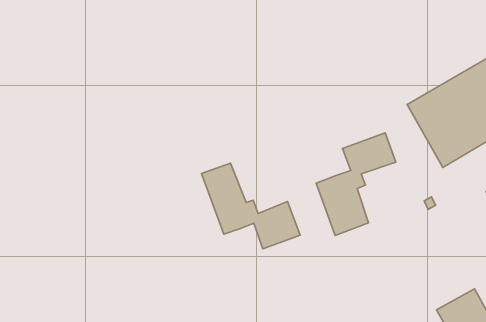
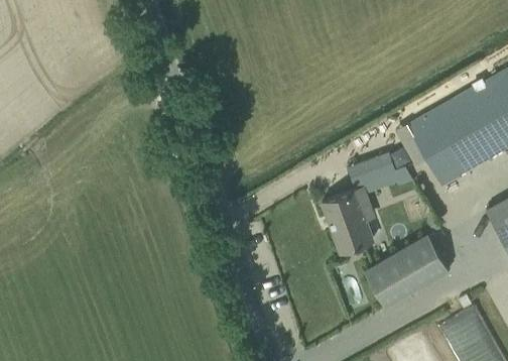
building: [201,163,300,249] -> none
building: none -> [363,234,448,307]

